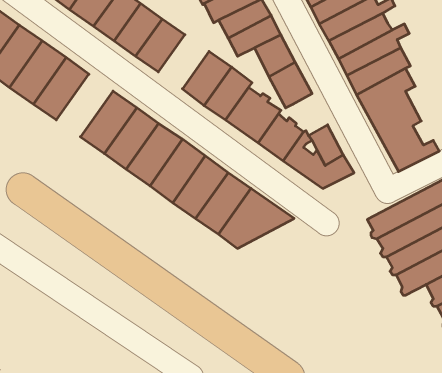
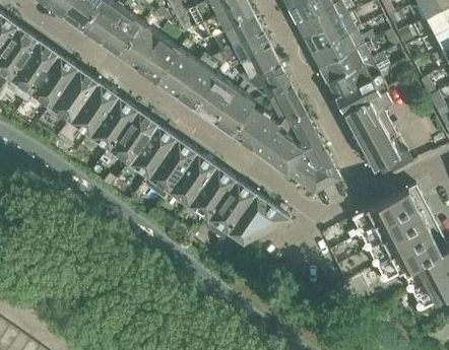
building: none -> [175,62,217,108]
building: none -> [88,95,136,148]
building: none -> [288,112,318,147]

